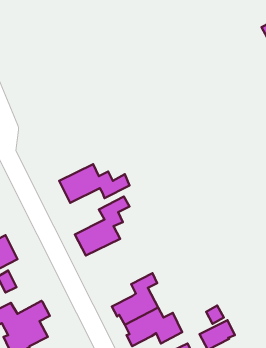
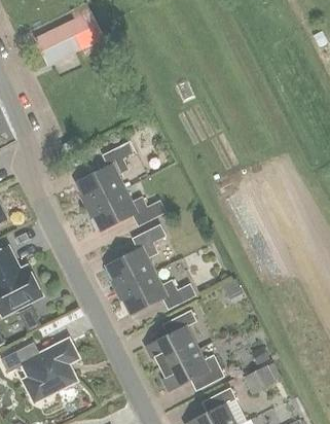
building: none -> [36,12,105,65]
building: none -> [75,141,136,207]
building: none -> [117,272,195,314]

